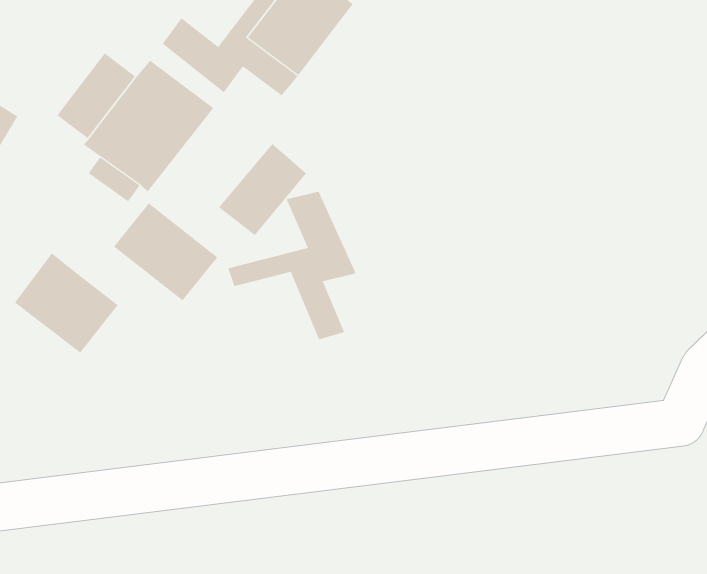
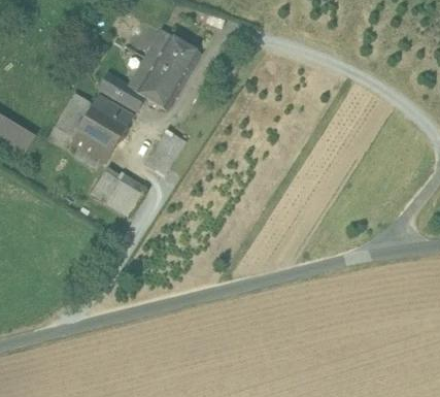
building: [227,191,356,340] -> none
building: [14,252,118,353] -> none

